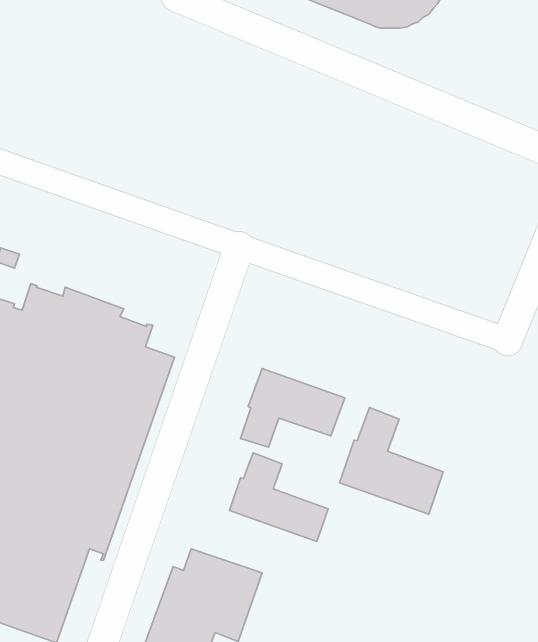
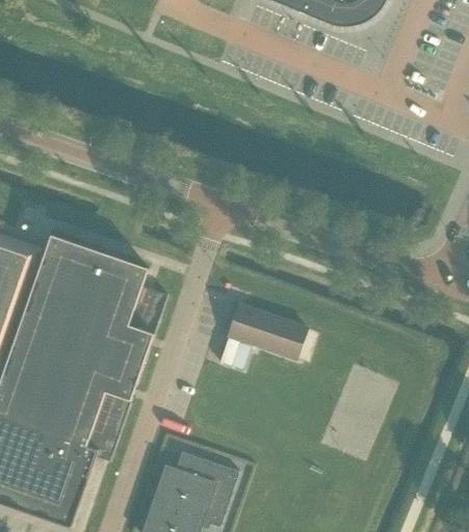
building: [340,408,443,514] -> none
building: [229,453,328,542] -> none

